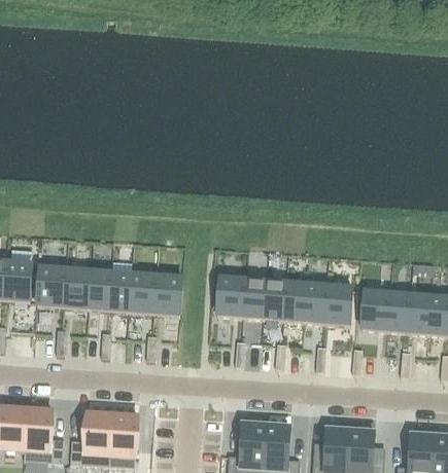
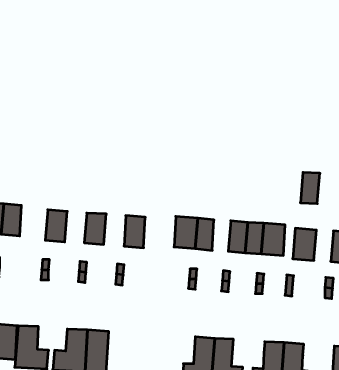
building: [36,265,63,304] -> none
building: [83,269,110,307] -> none
building: [131,272,158,312] -> none
building: [263,280,285,318] -> none
building: [386,292,410,330] -> [300,172,320,204]

